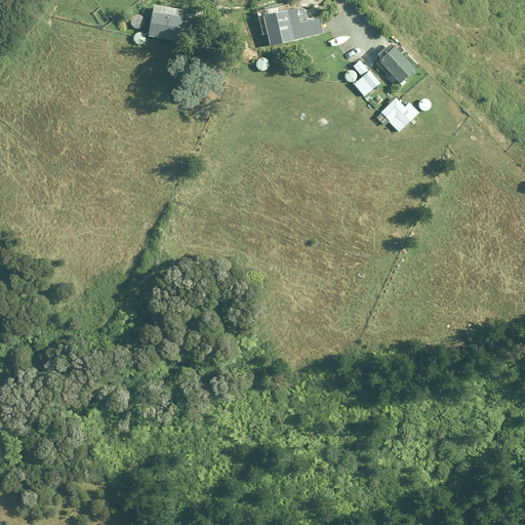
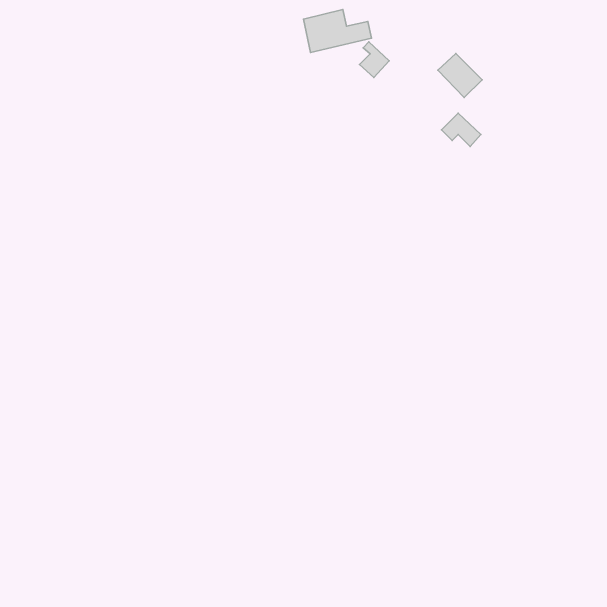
building: [149,6,184,40] -> none
building: [354,65,379,95] -> [359,42,389,77]

